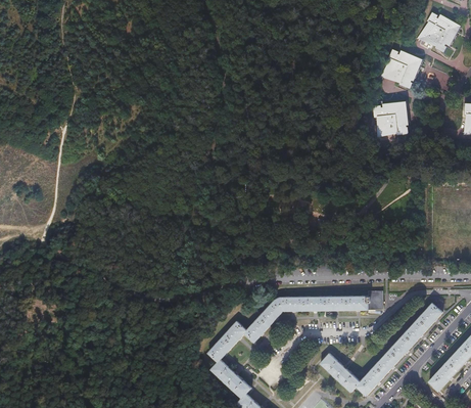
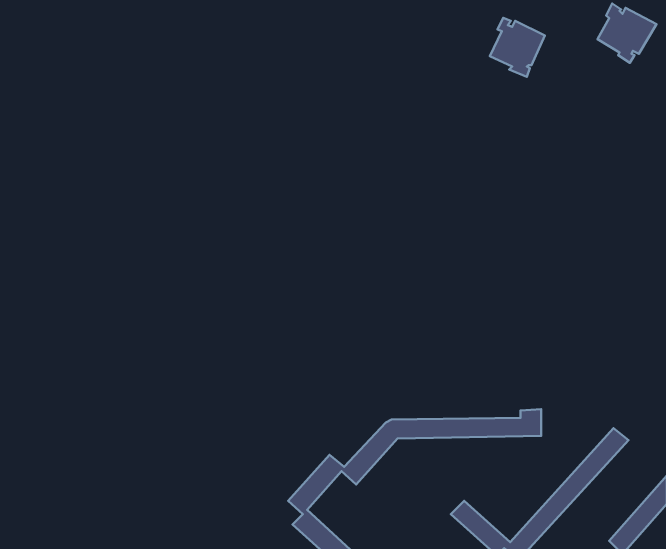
building: [384,45,422,86] -> [490,18,545,77]
building: [373,102,408,135] -> none

